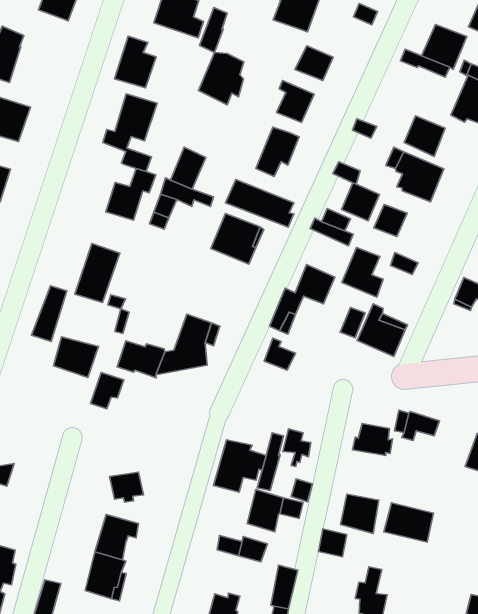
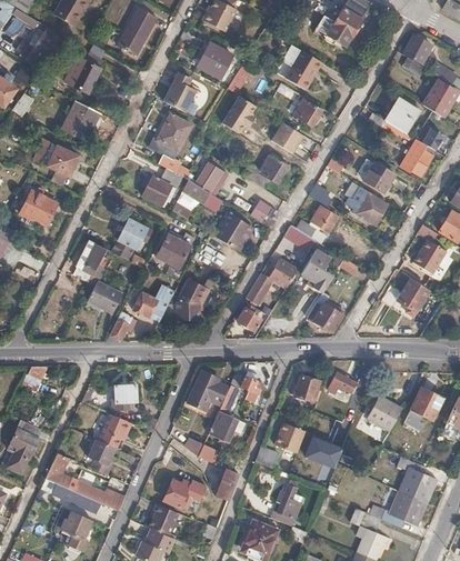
building: none -> [156,230,194,267]

